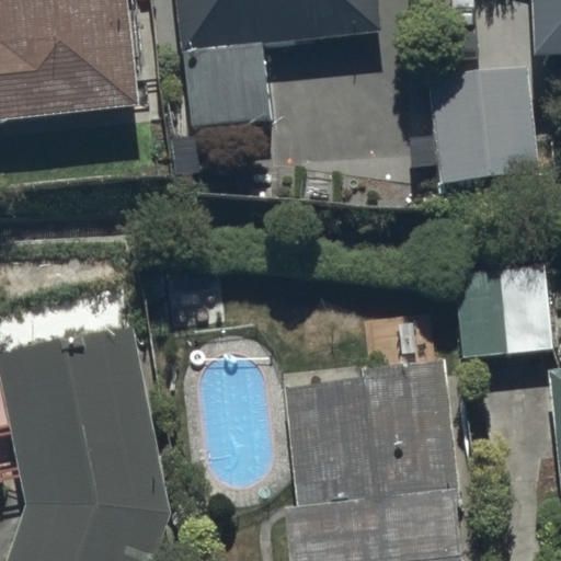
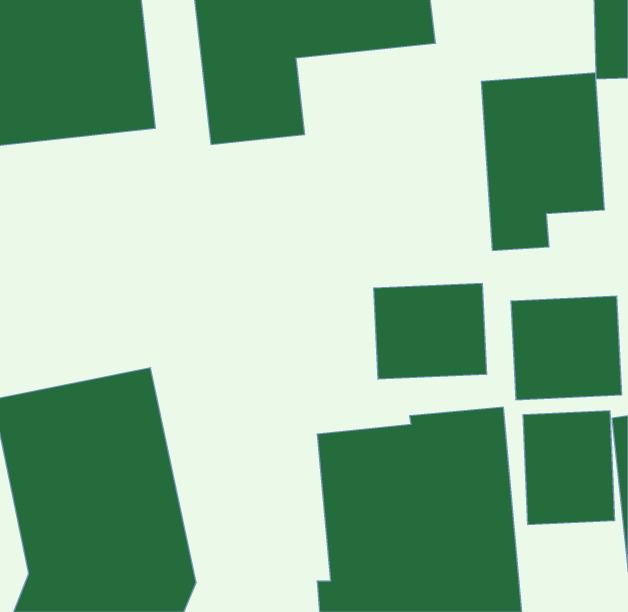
building: none -> [374,283,487,379]
building: none -> [523,411,615,525]

